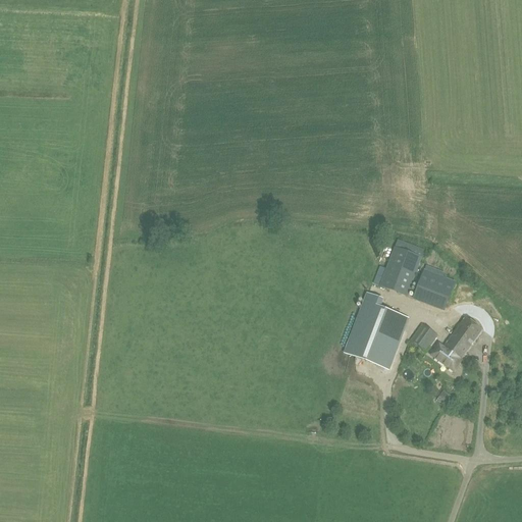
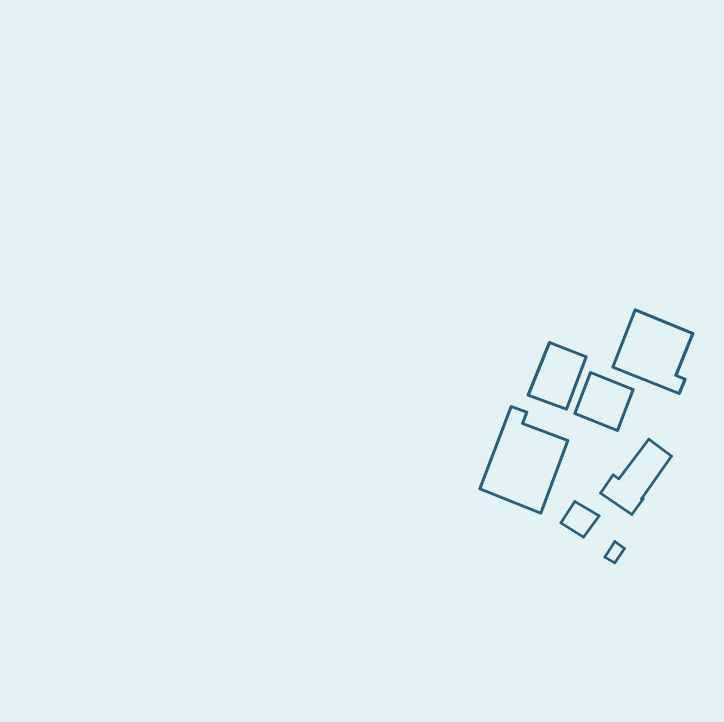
building: none -> [613,310,693,394]
building: [410,323,437,349] -> [561,502,599,537]

